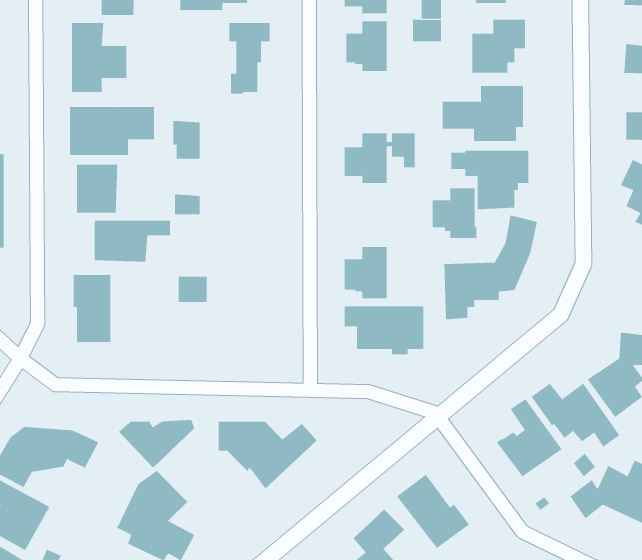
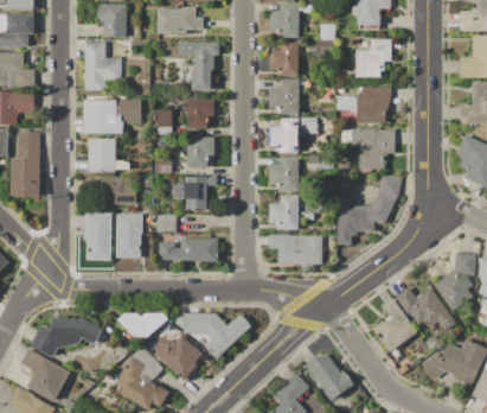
building: none -> [269,80,299,114]
building: none -> [187,100,213,129]
building: none -> [186,136,214,167]
building: [432,188,477,238] -> [269,157,300,191]
building: none -> [178,177,217,209]
building: none -> [116,214,142,256]
building: none -> [159,237,218,262]
building: none -> [152,336,201,381]

